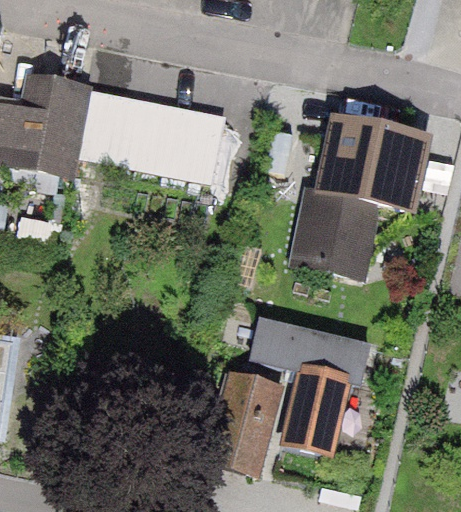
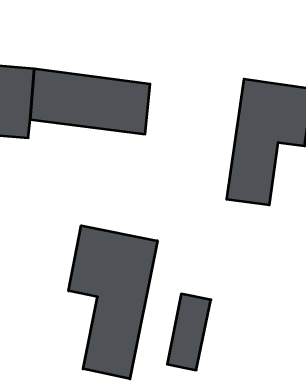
building: none -> [69,226,157,379]
building: [249,312,373,457] -> none

